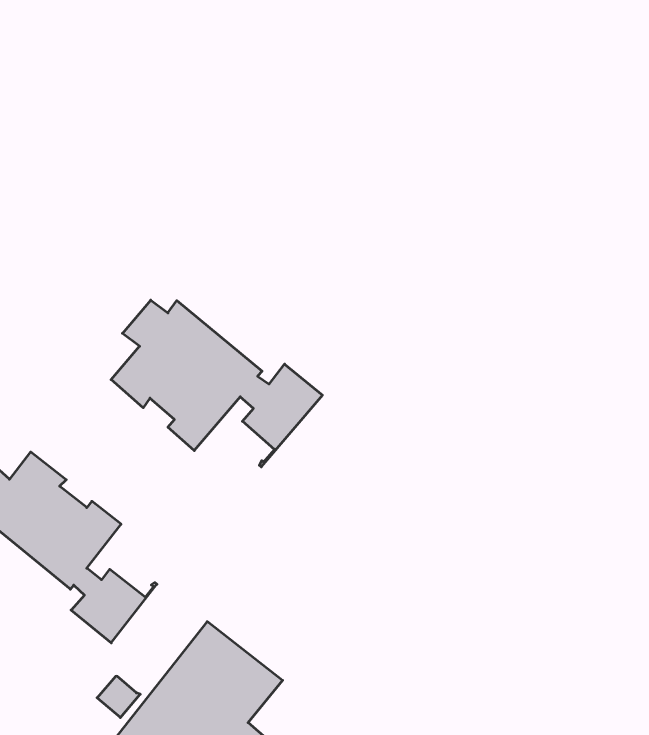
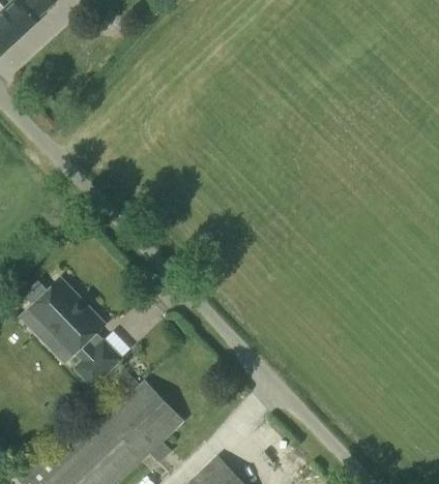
building: [111,300,322,467] -> none

